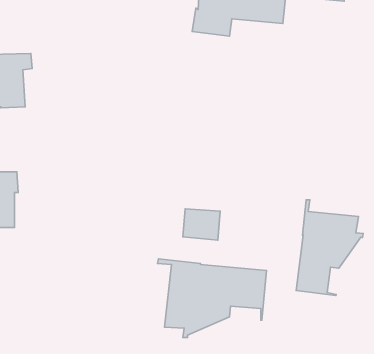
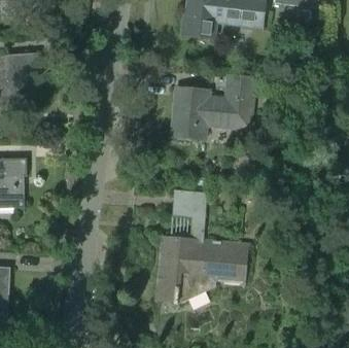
building: none -> [172,75,254,139]
building: [296,200,363,295] -> none

